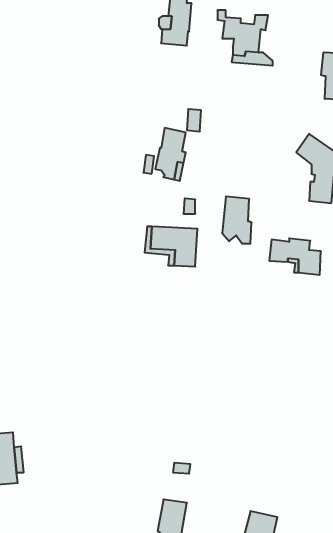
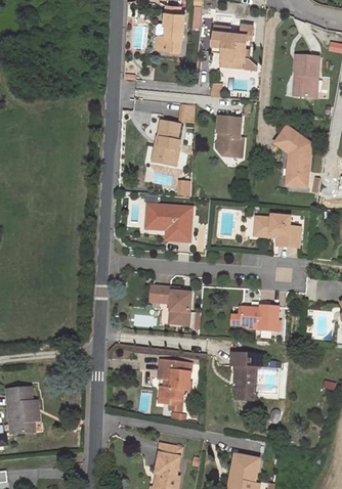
building: [222,197,252,244] -> [216,118,242,159]
building: none -> [149,285,190,324]
building: none -> [230,306,276,330]
building: none -> [228,353,261,400]
building: none -> [156,360,189,411]

